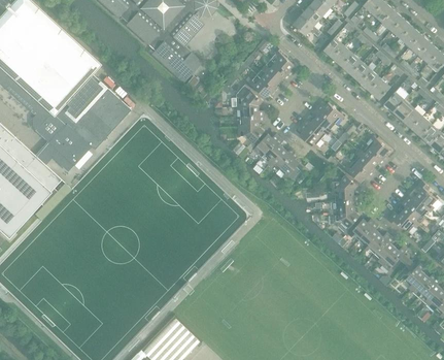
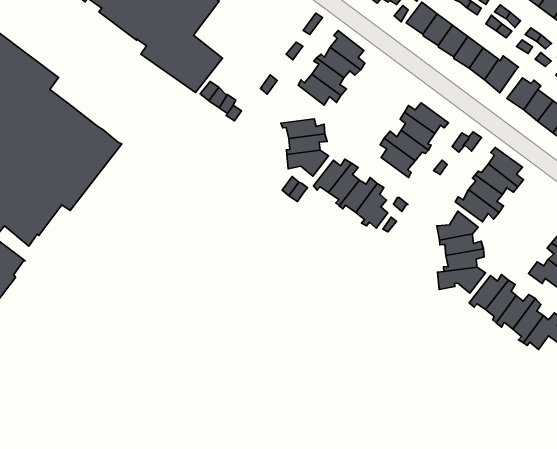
building: [231,84,263,106] -> none

